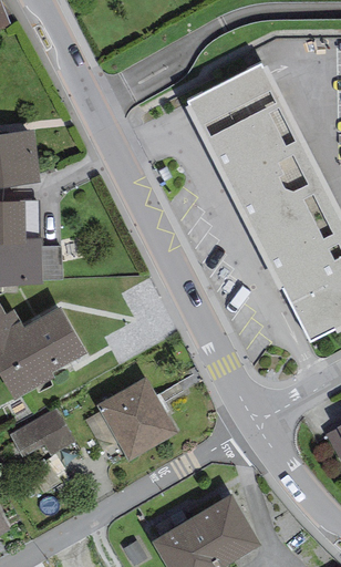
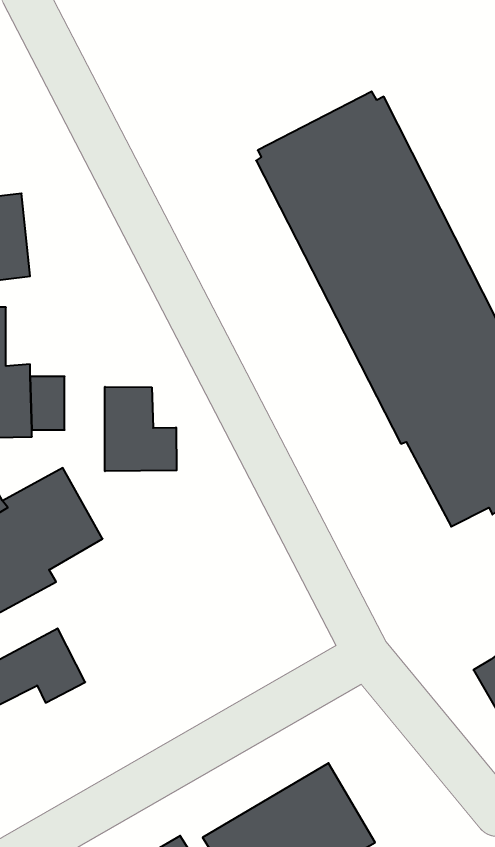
building: none -> [105,387,177,471]
building: [95,377,177,461] -> none

